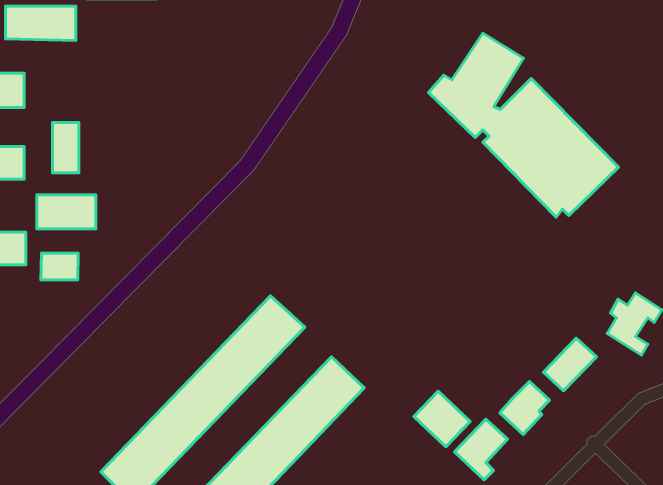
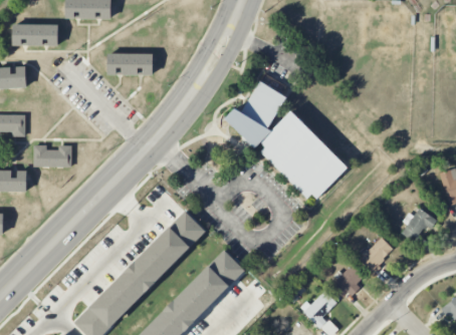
building: [428,33,619,217] -> [225,81,348,200]
building: none -> [107,53,153,75]
building: [52,123,79,173] -> none
building: [41,253,78,280] -> none
building: [414,391,470,447] -> none

